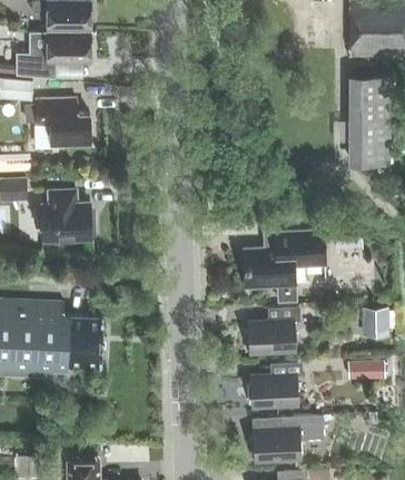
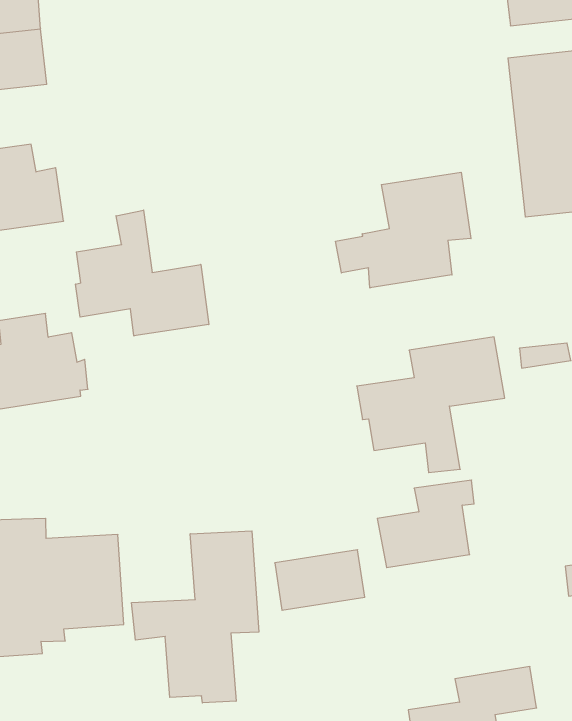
building: none -> [336,172,471,288]
building: none -> [76,210,209,336]
building: none -> [132,531,259,703]
building: [249,375,297,404] -> [275,550,365,610]

